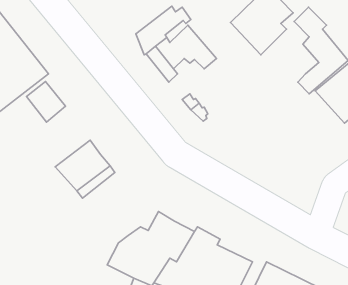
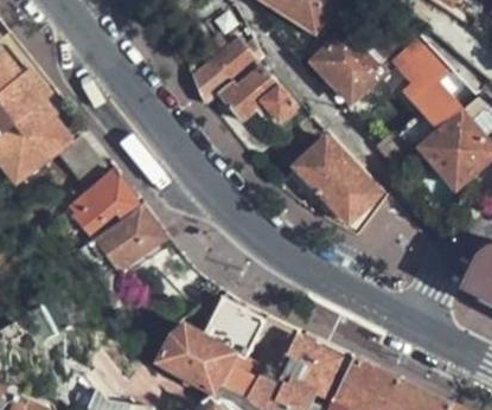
building: none -> [295,139,377,224]
building: none -> [75,181,133,235]

